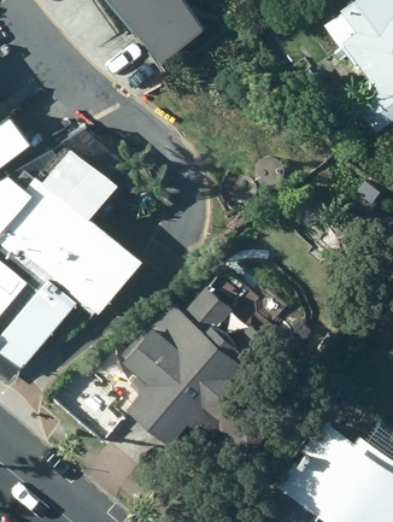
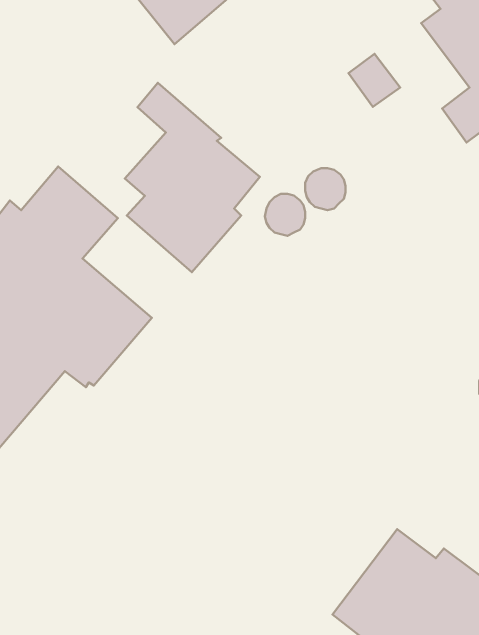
building: none -> [125,83,260,272]
building: [123,289,264,445] -> none

